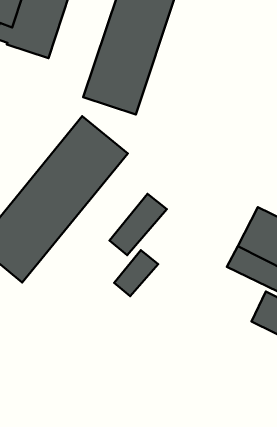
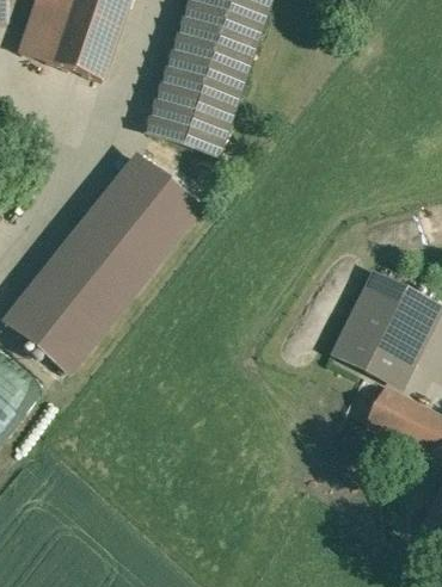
building: [109,194,167,255] -> none
building: [114,250,158,296] -> none

